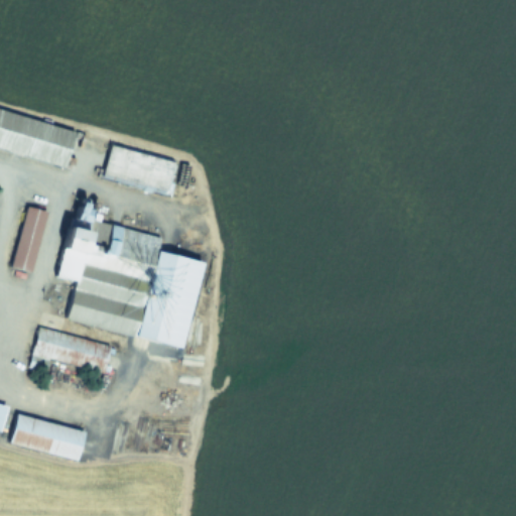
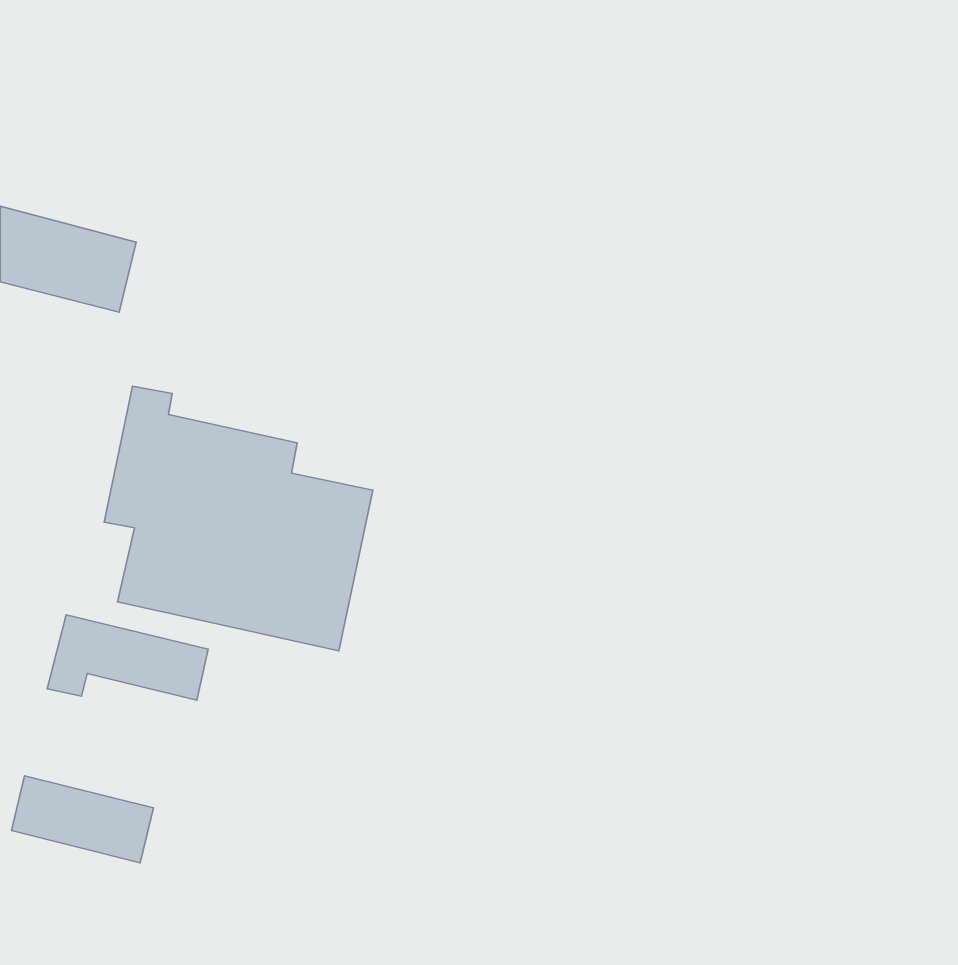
building: [105,146,179,192] -> none
building: [13,208,49,274] -> none

